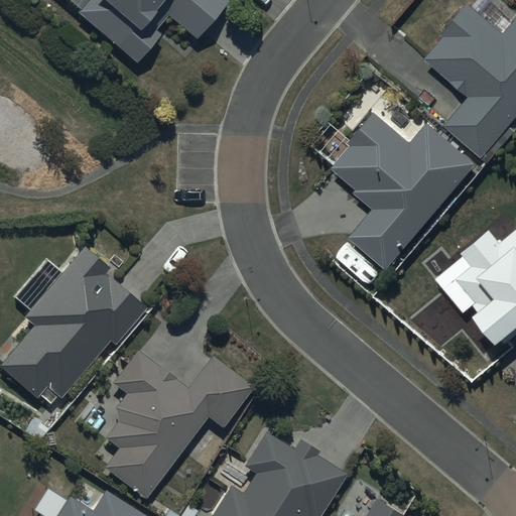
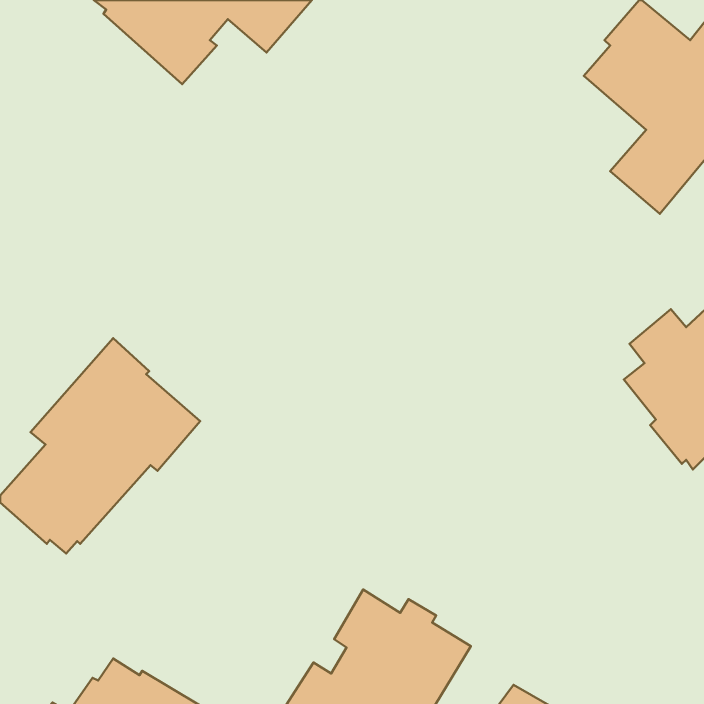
building: [333,111,476,268] -> none
building: [104,350,253,498] -> none

